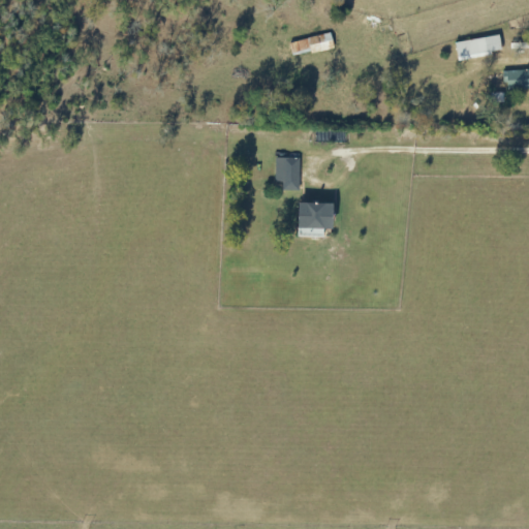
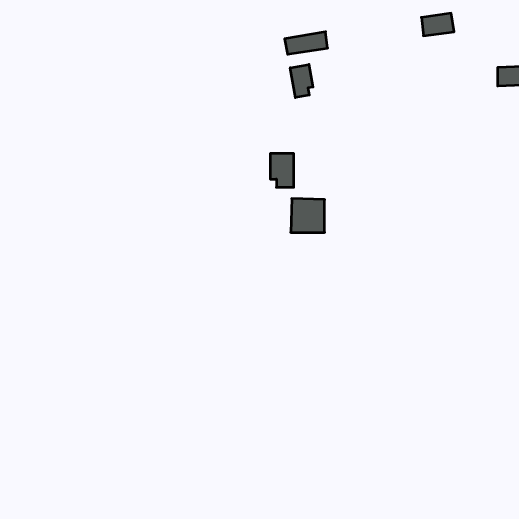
building: [457,36,490,59] -> [421,13,454,36]
building: none -> [290,64,313,98]

